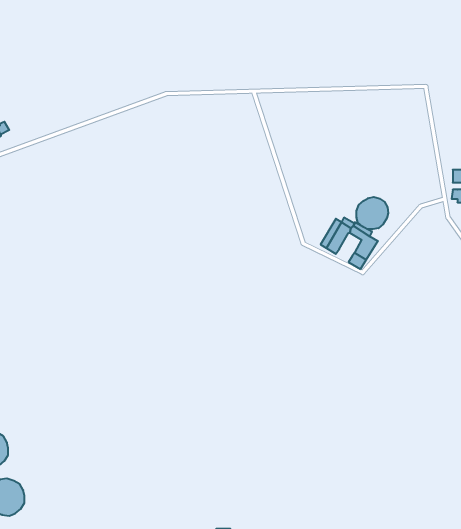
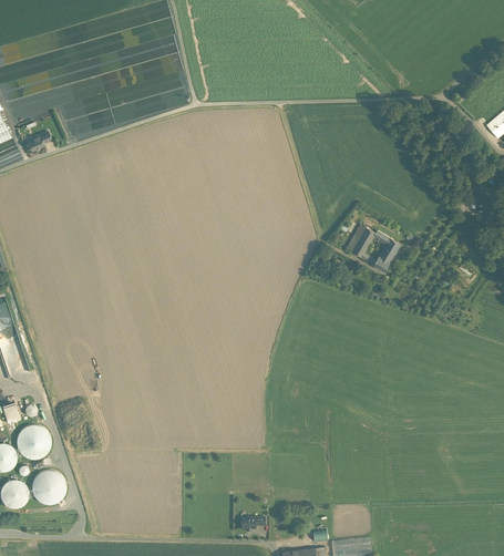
building: [357,197,388,229] -> none

